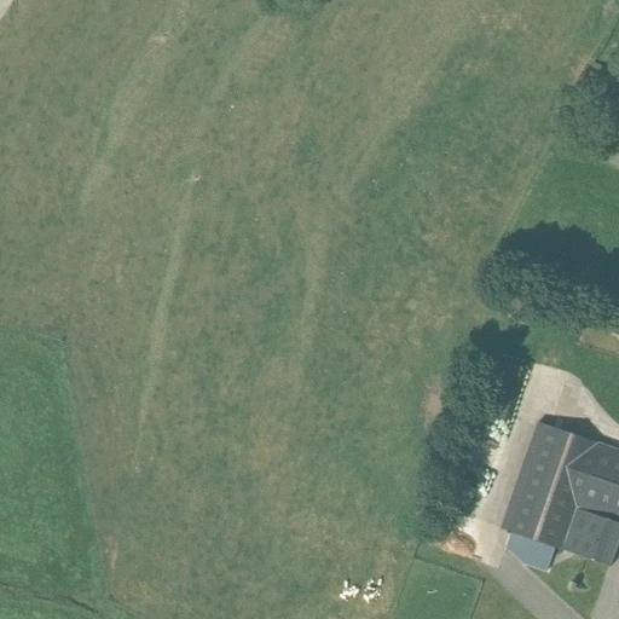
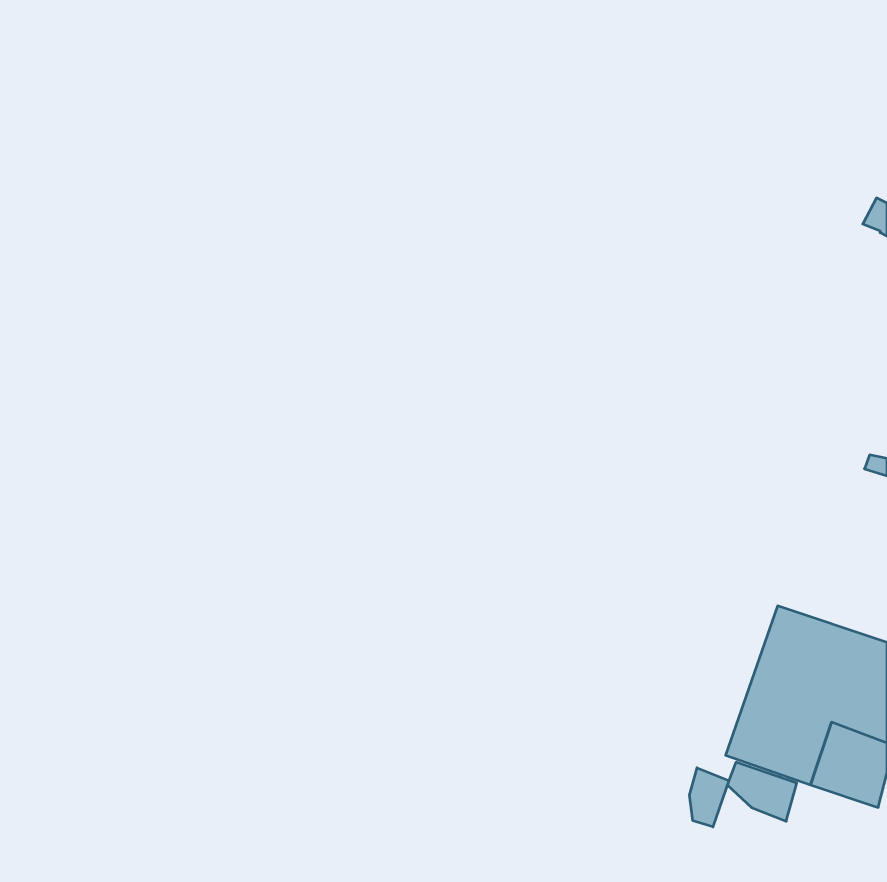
building: none -> [689,768,729,827]

